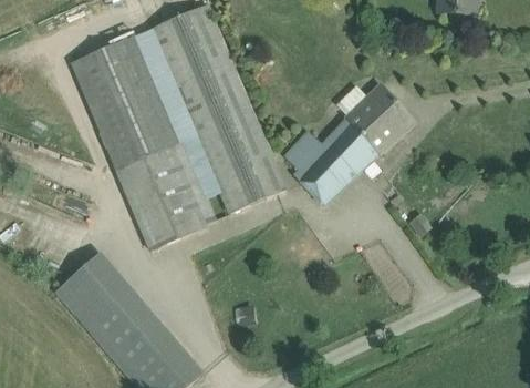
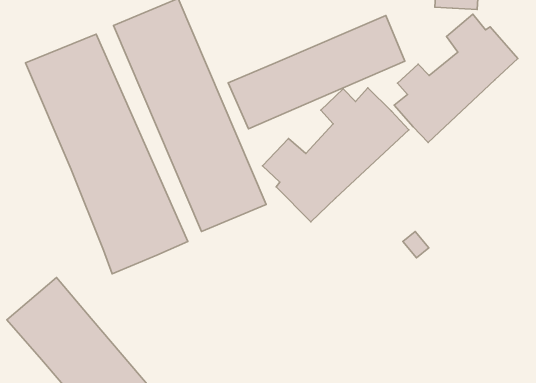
building: none -> [394,14,518,143]
building: none -> [228,15,405,129]

